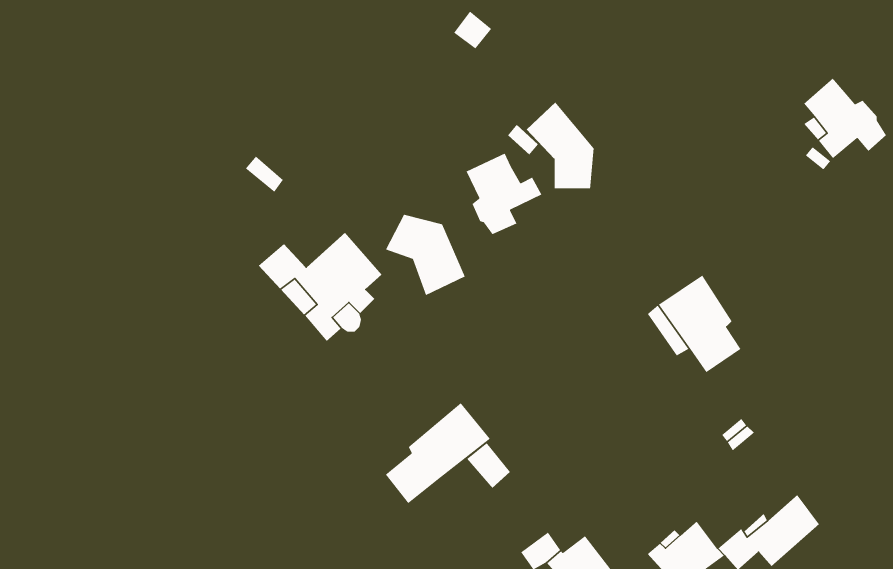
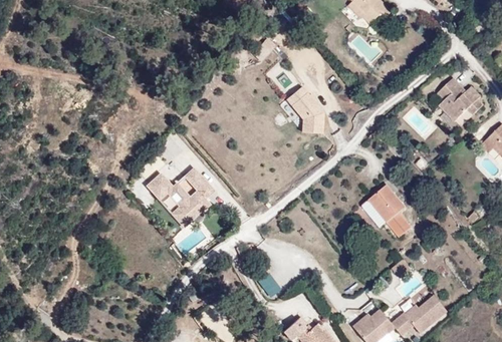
building: [465,153,542,235] -> none
building: [385,214,466,296] -> none
building: [385,402,491,504] -> none

